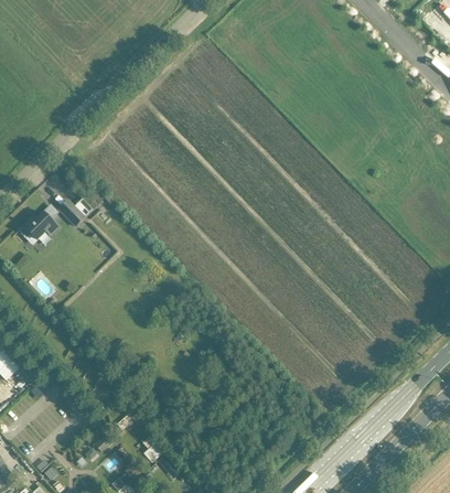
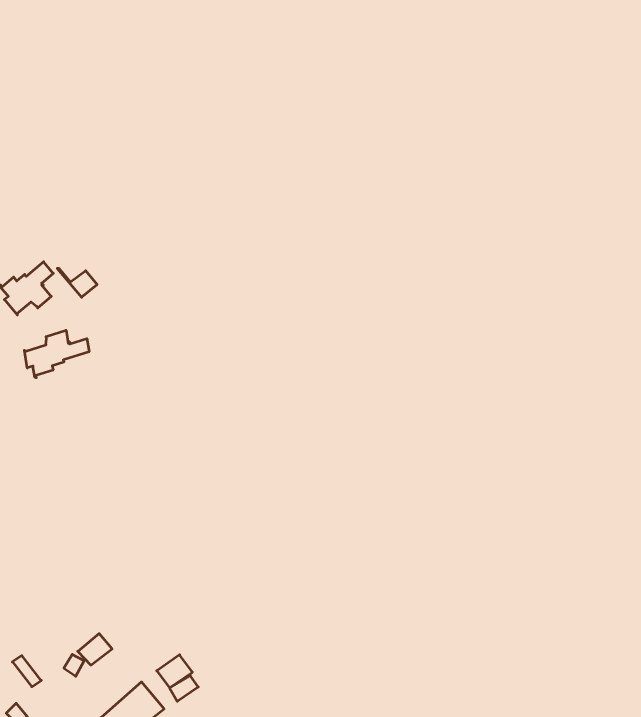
building: none -> [24,330,89,378]

